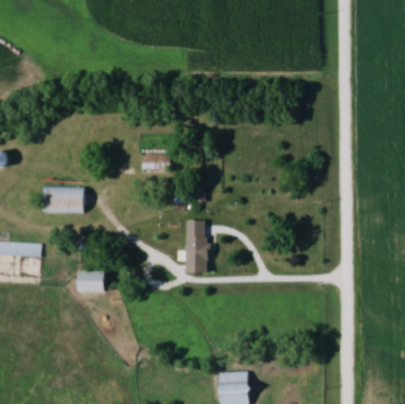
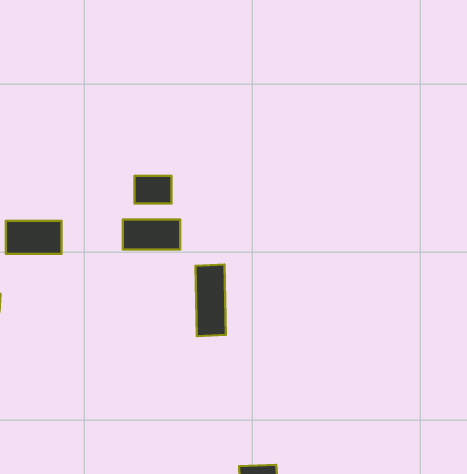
building: none -> [123,219,180,249]
building: [78,271,109,292] -> none

